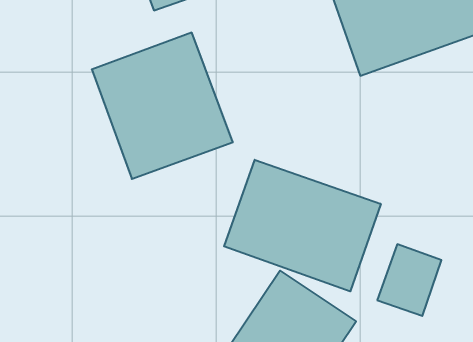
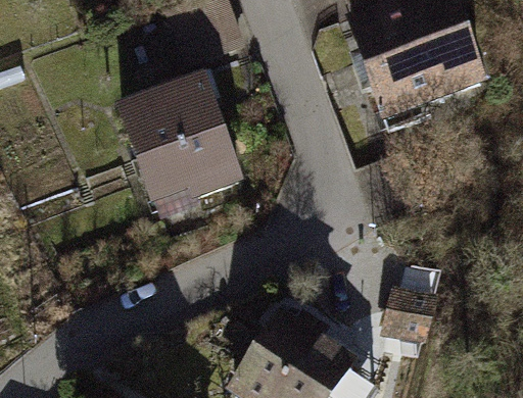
building: [224,160,381,291] -> none

